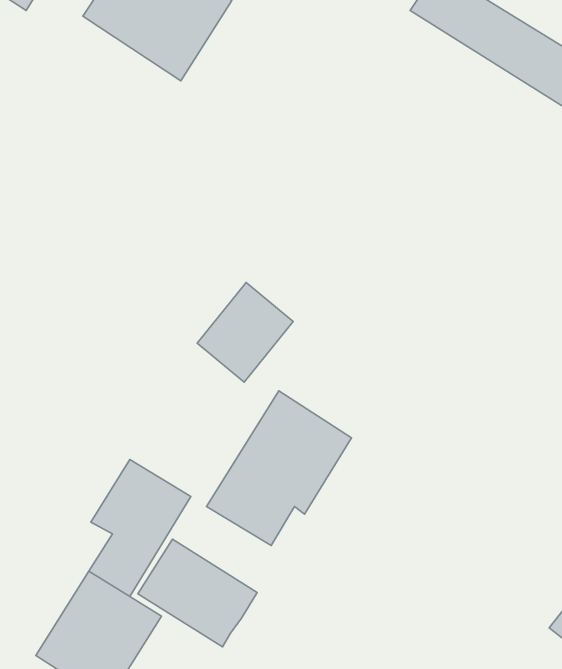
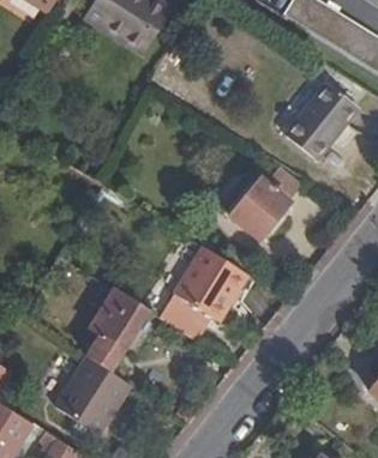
building: none -> [286,82,358,158]
building: [197,282,293,382] -> [230,177,289,239]
building: [138,539,257,647] -> none

